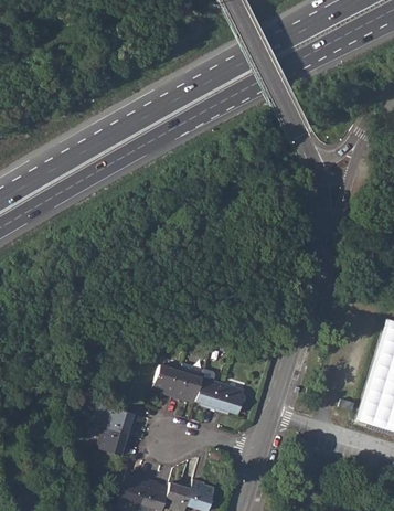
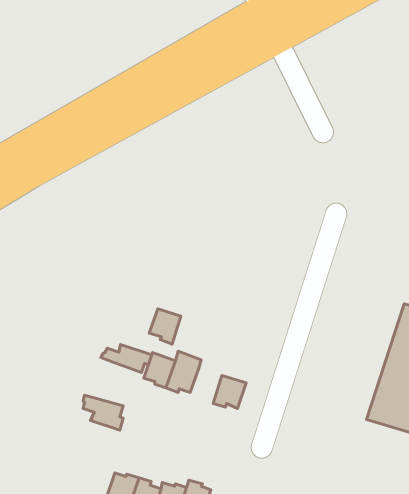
building: none -> [101,344,152,373]
building: [194,377,223,409] -> [149,309,181,344]
building: [97,425,130,455] -> none

